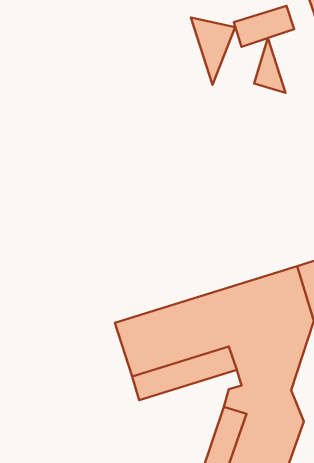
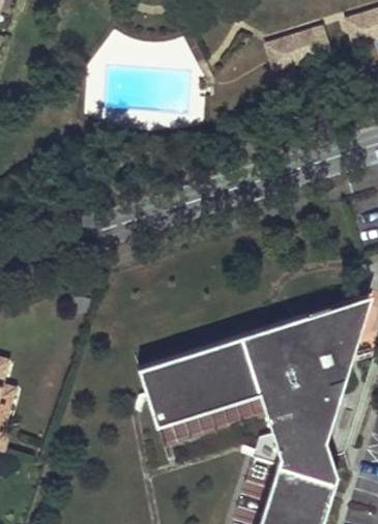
building: [191,18,235,85] -> none
building: [254,38,285,93] -> none

